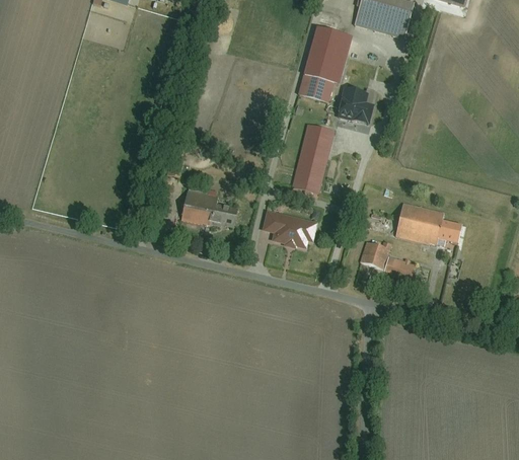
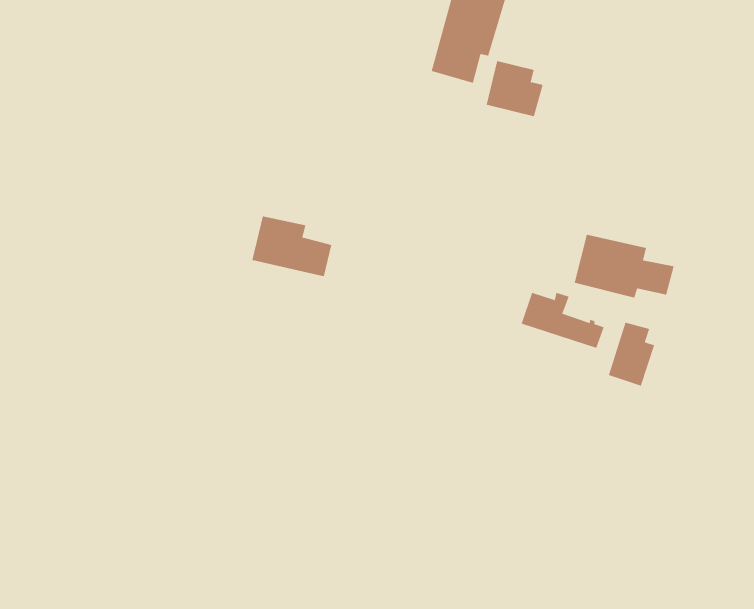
building: [293,124,333,194] -> none
building: [262,213,314,248] -> none
building: none -> [608,322,655,387]

